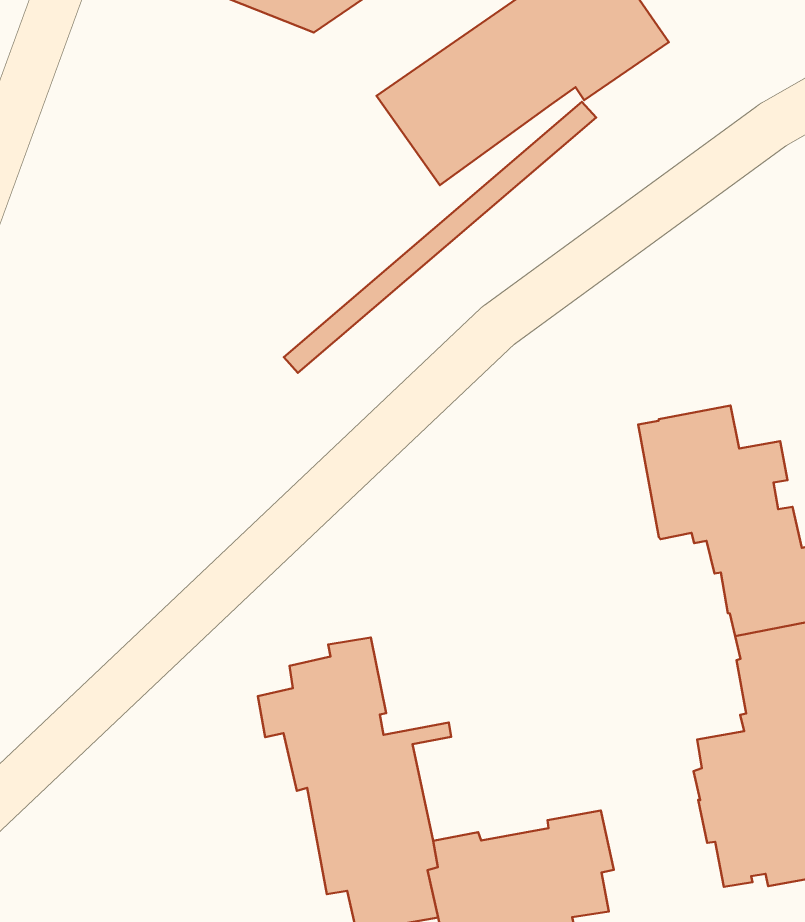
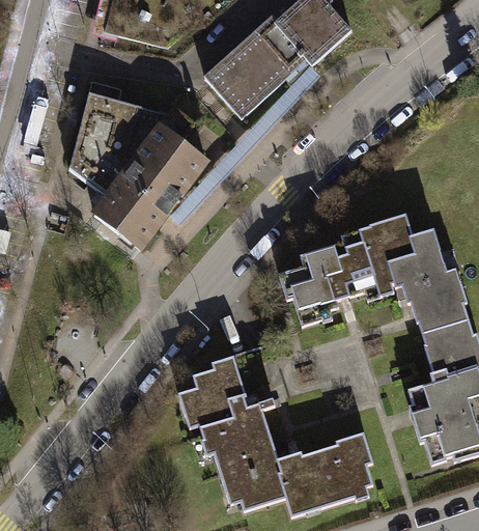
building: none -> [68,81,206,248]
building: none -> [279,230,376,326]

